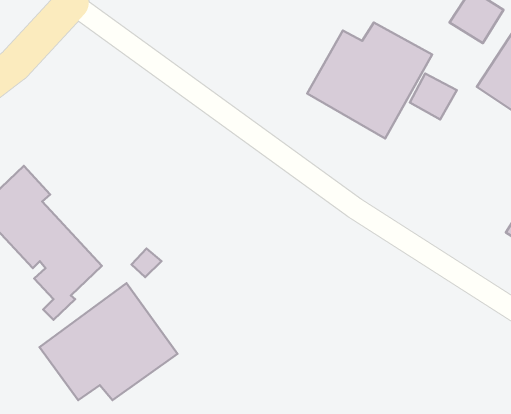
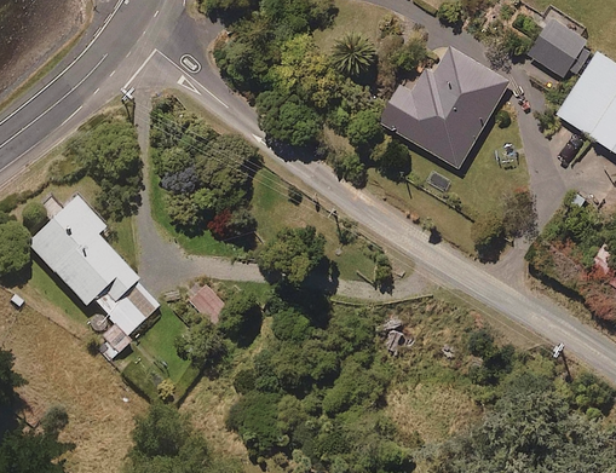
building: [410,74,457,120] -> none
building: [40,283,178,400] -> none

